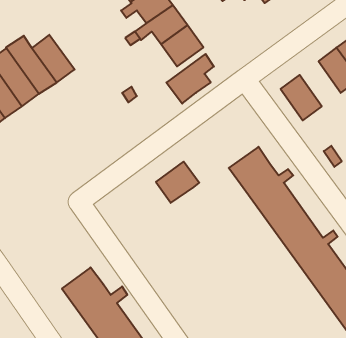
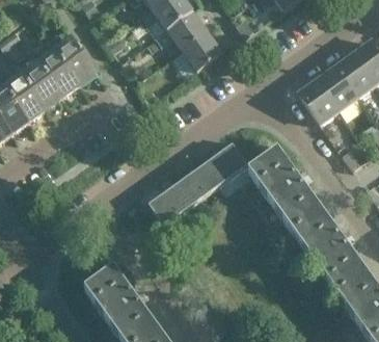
building: [166,54,214,104] -> [204,134,250,183]
building: none -> [318,63,358,108]
building: none -> [148,182,191,222]

